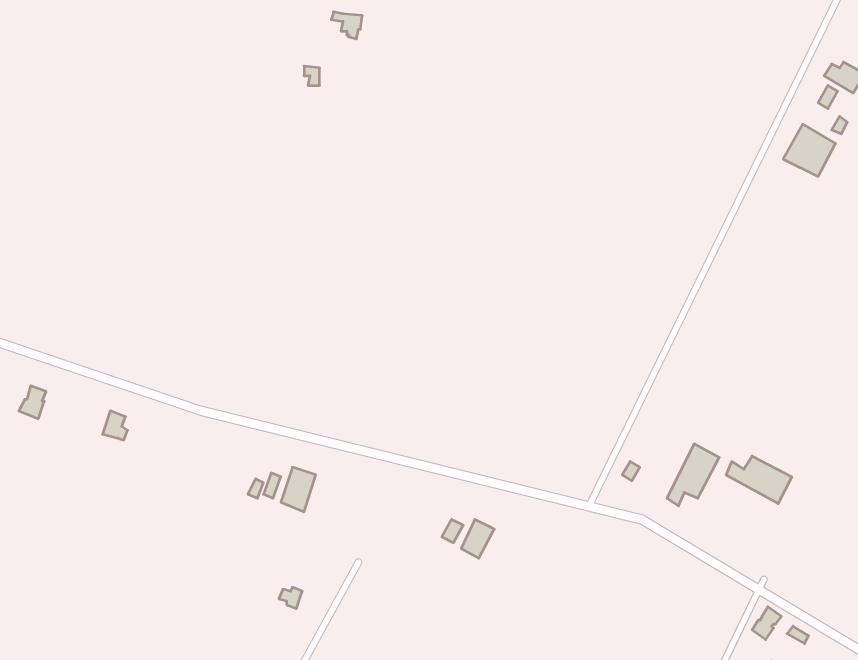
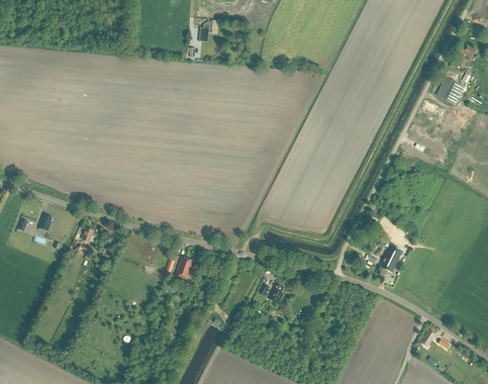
building: [726,456,792,504] -> none

